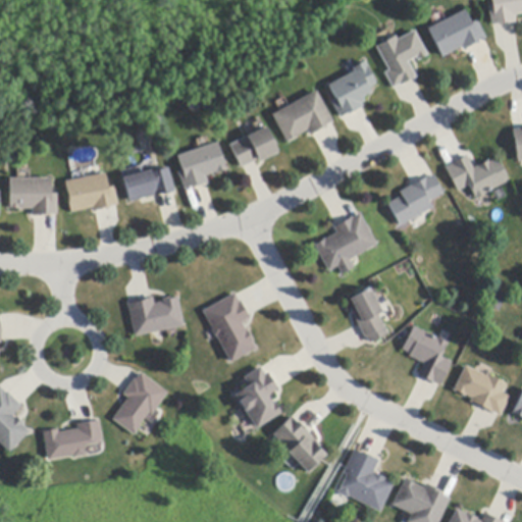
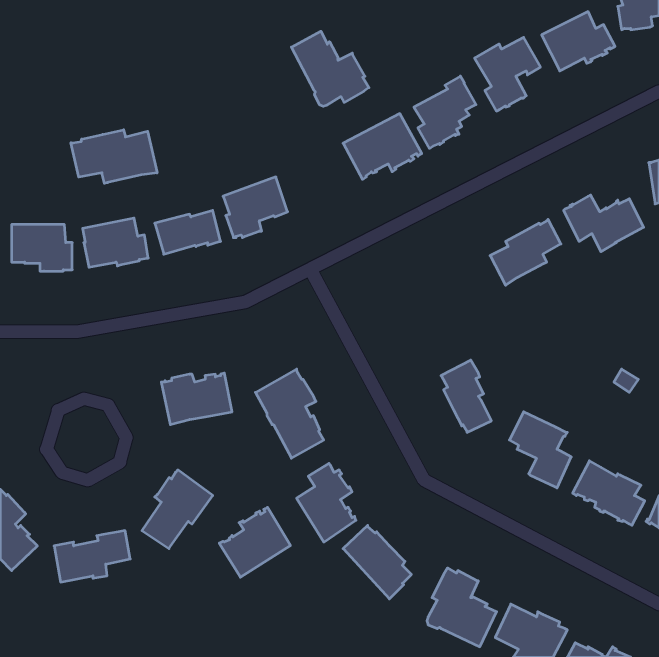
building: none -> [291,31,369,106]
building: none -> [71,130,157,183]
building: [228,125,278,167] -> none
building: [314,212,377,273] -> none
building: none -> [219,507,290,577]

